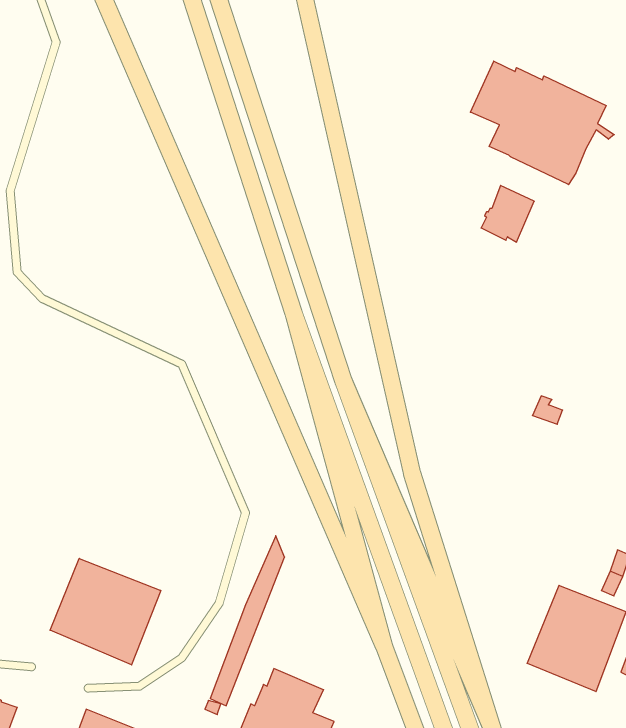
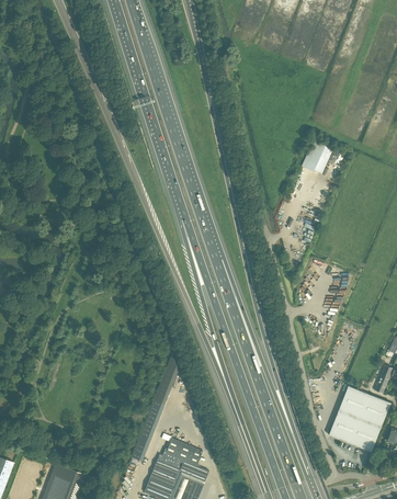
building: [470,61,614,185] -> none
building: [50,558,161,665] -> none

